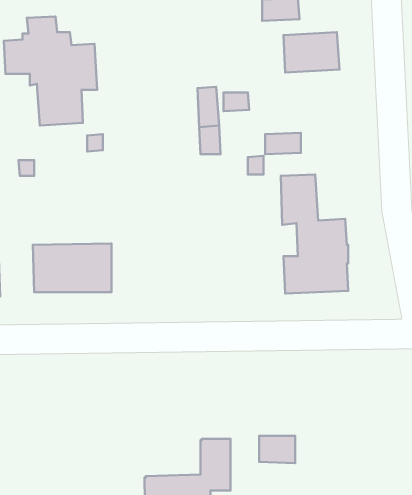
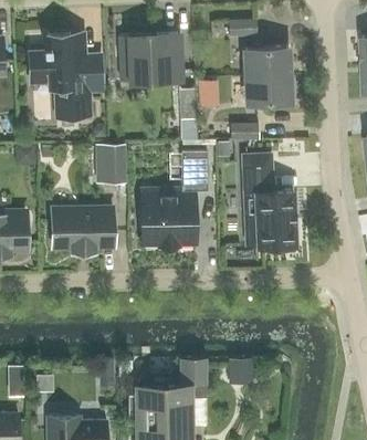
building: none -> [119,34,181,82]
building: none -> [247,75,290,104]
building: none -> [106,144,126,184]
building: none -> [140,151,208,243]

